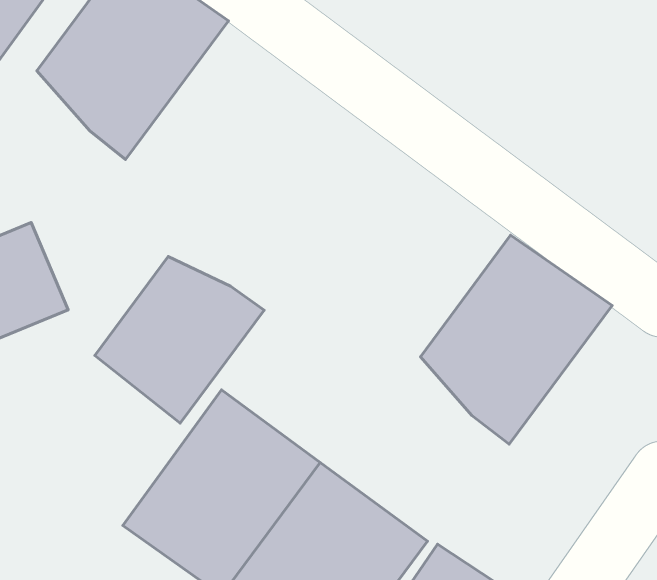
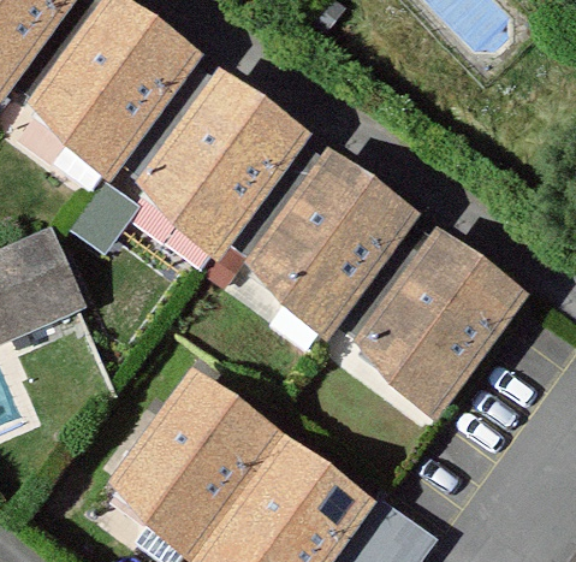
building: none -> [143,84,305,260]
building: none -> [249,162,410,338]
building: [95,257,264,423] -> none

